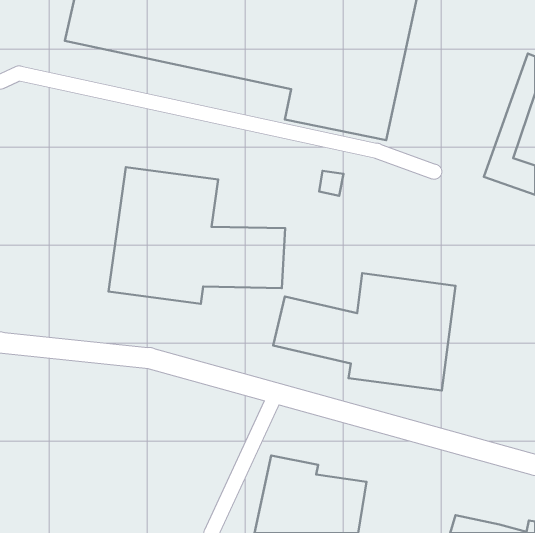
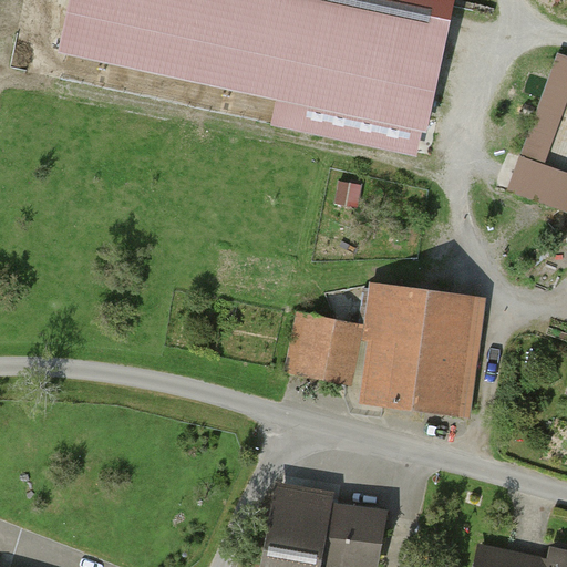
building: [109,167,285,304] -> none

